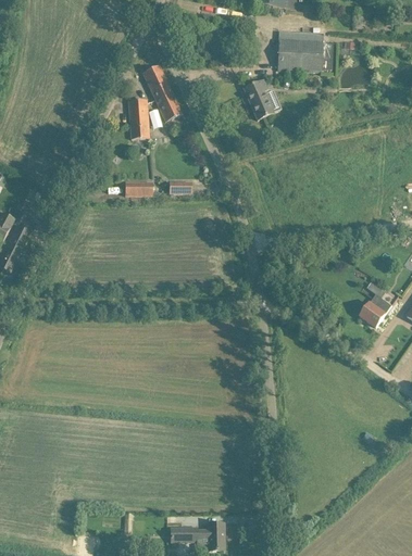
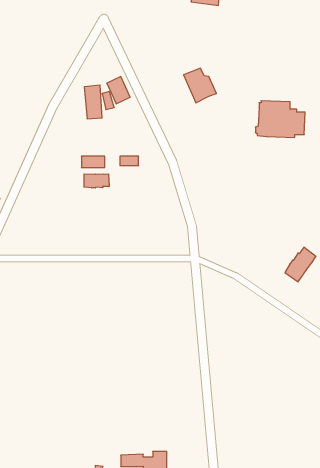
building: [274,29,332,72] -> [255,101,305,137]
building: [141,65,170,97] -> none
building: none -> [84,174,109,188]

